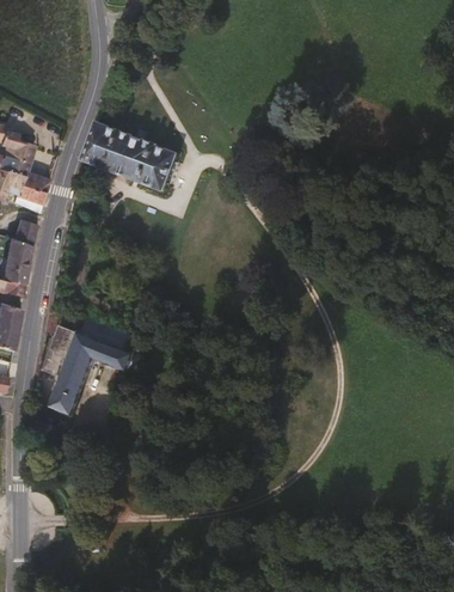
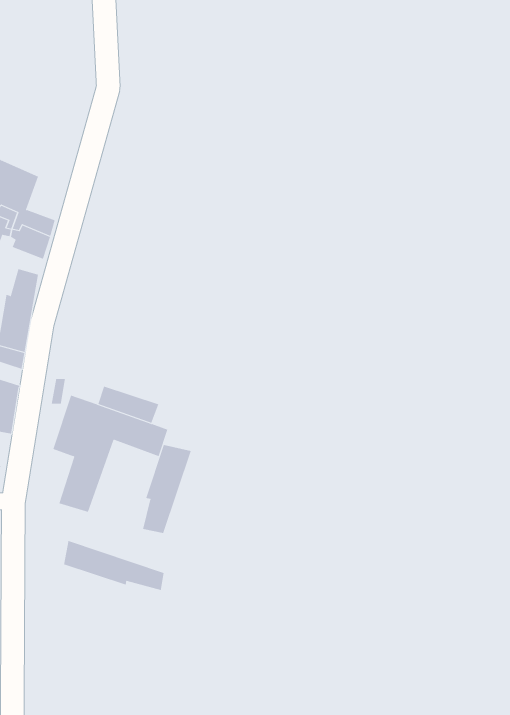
building: [84,115,178,189] -> none
building: none -> [143,444,192,534]
building: none -> [63,540,164,591]

